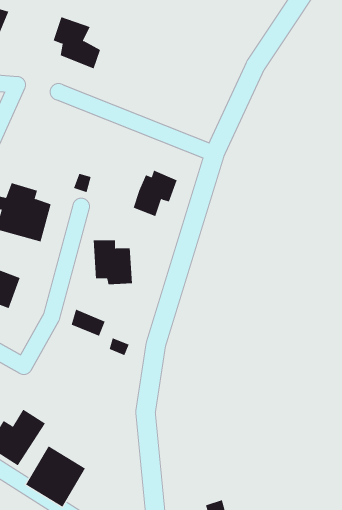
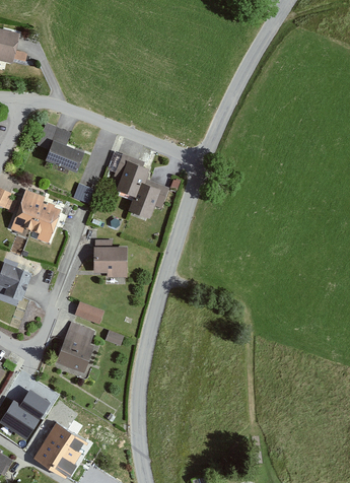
building: [53,16,101,69] -> [38,123,80,169]
building: none -> [112,152,150,196]
building: none -> [56,322,95,371]

